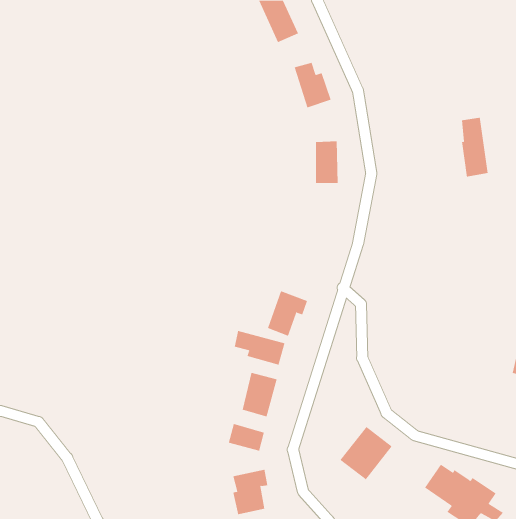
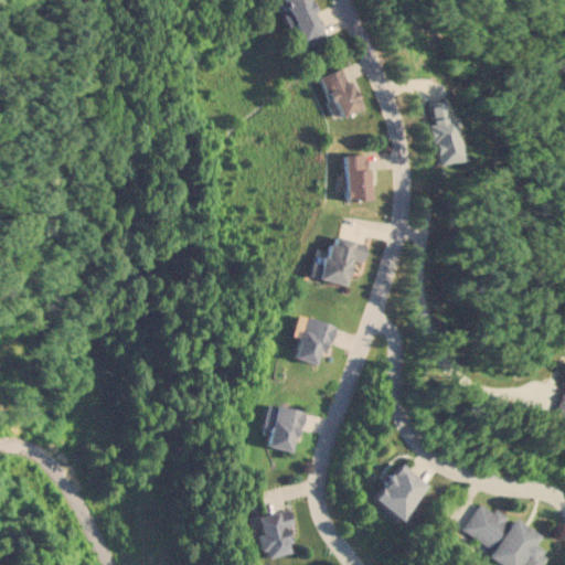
building: [461,117,489,177] -> [433,100,462,166]
building: none -> [311,236,370,286]
building: [234,330,285,365] -> none
building: [228,423,264,452] -> none

